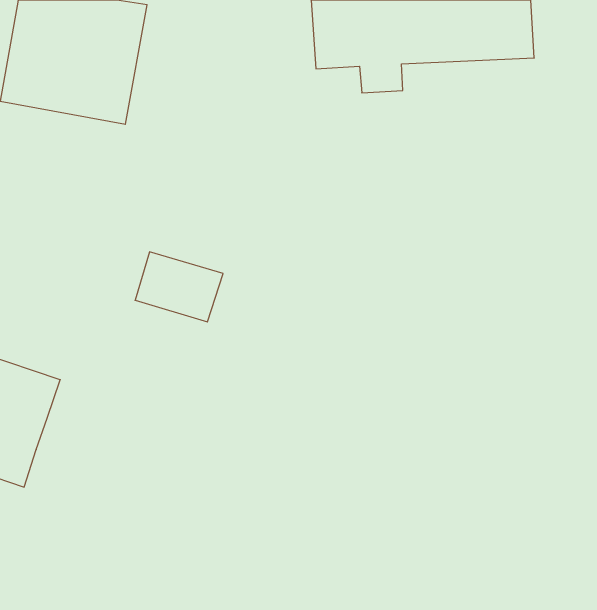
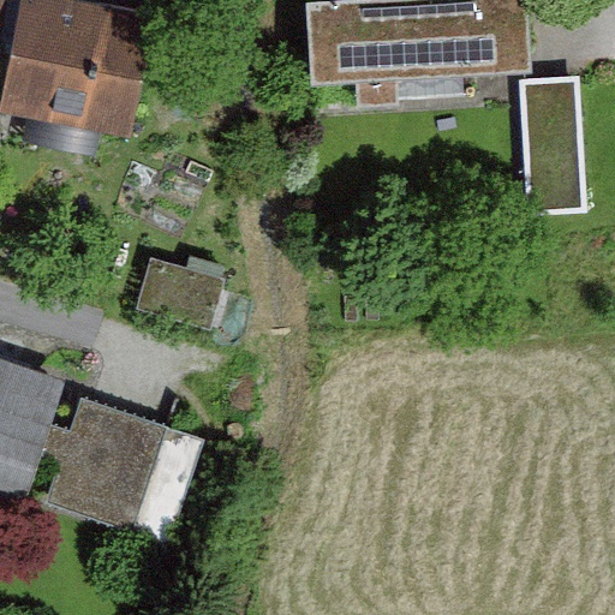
building: none -> [519,77,584,211]
building: none -> [36,396,202,551]

